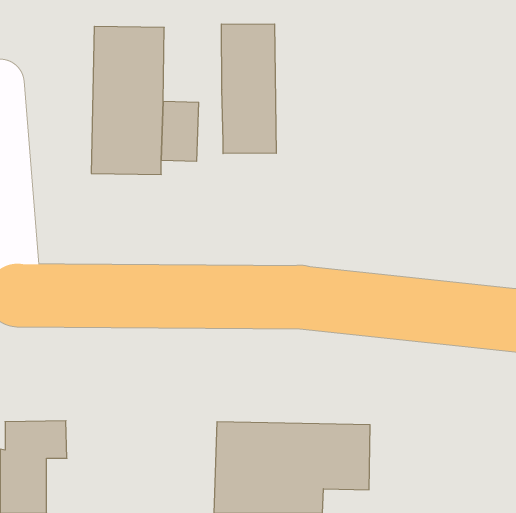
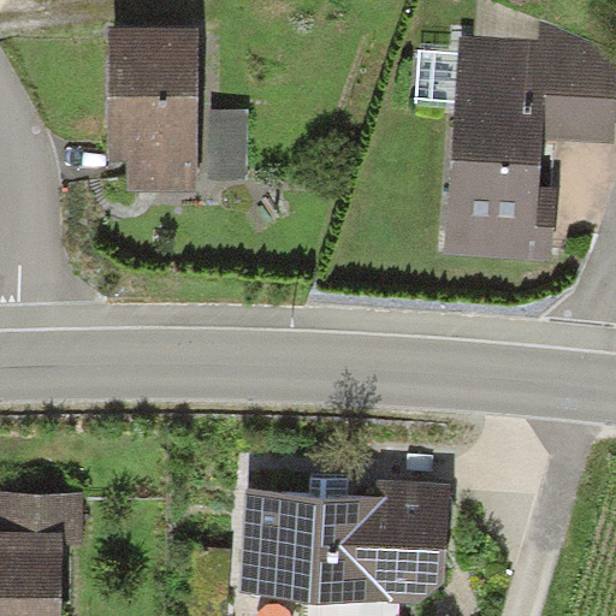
building: none -> [398,23,609,235]
building: [221,24,276,154] -> none

